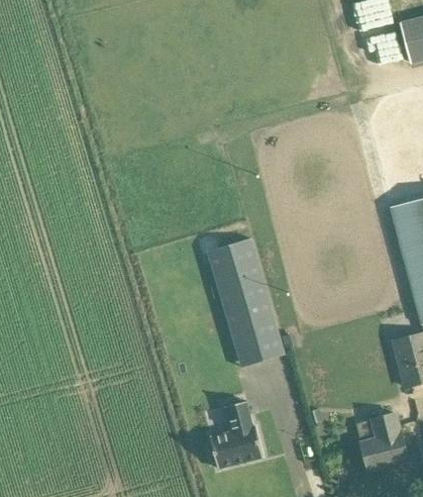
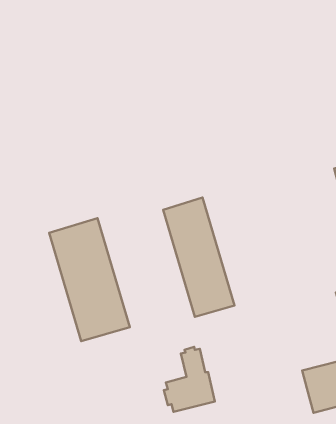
building: none -> [49,218,130,341]

